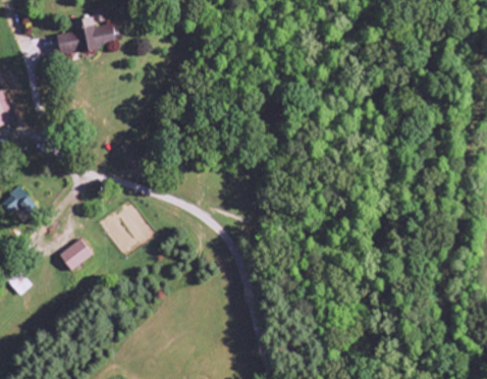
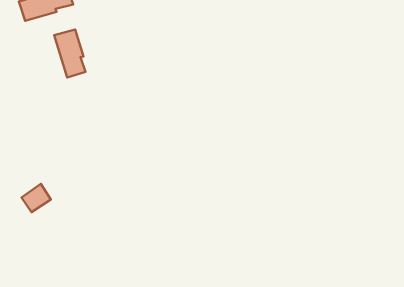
building: none -> [54,30,86,77]

